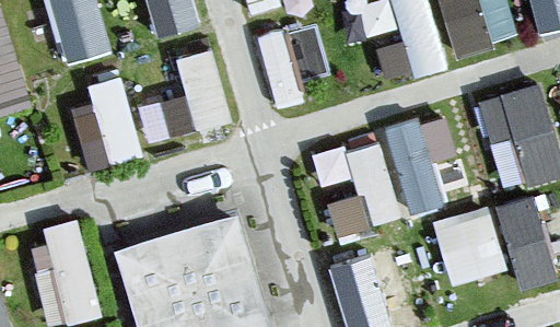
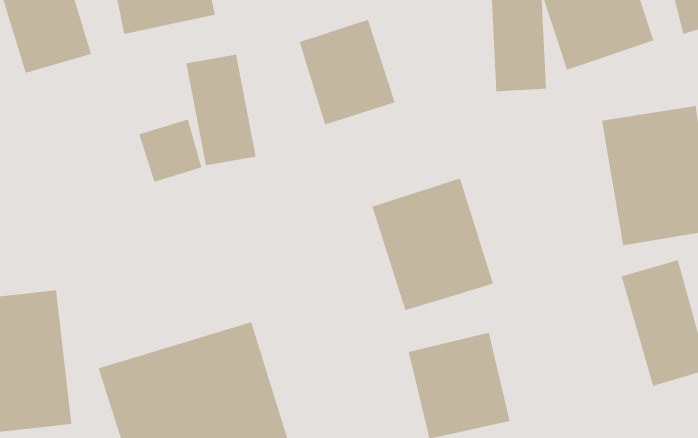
building: [73,75,138,164] -> none
building: [388,115,455,212] -> none
building: [432,207,505,285] -> none

